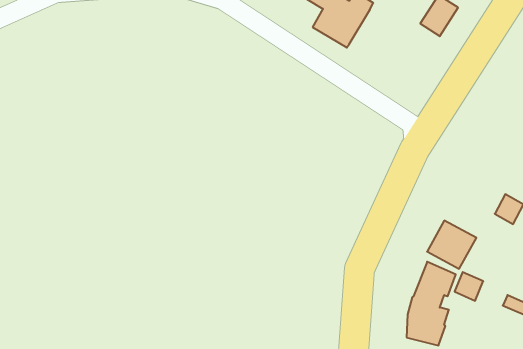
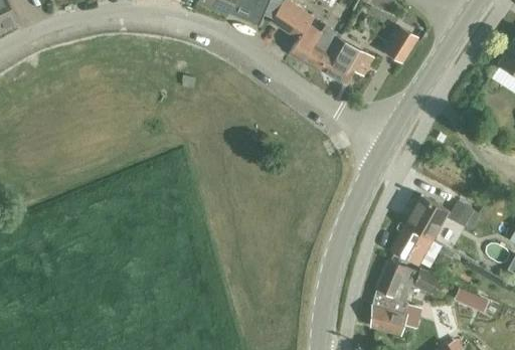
building: none -> [322,38,373,82]
building: none -> [405,195,450,238]

